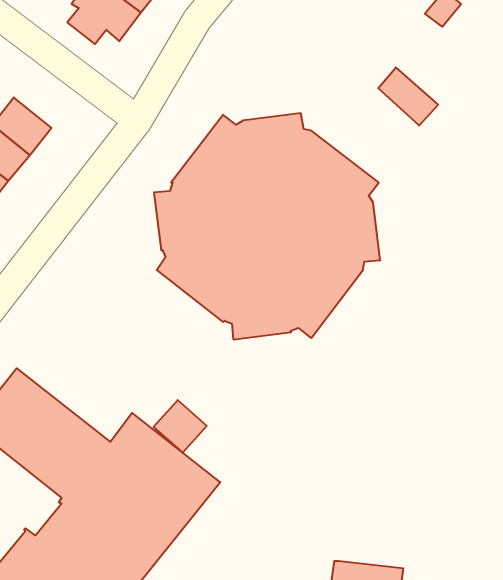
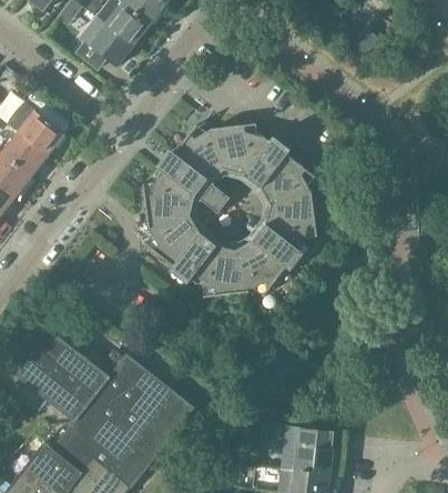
building: [378,67,438,126] -> none
building: [154,400,207,453] -> none
building: none -> [284,426,337,474]

